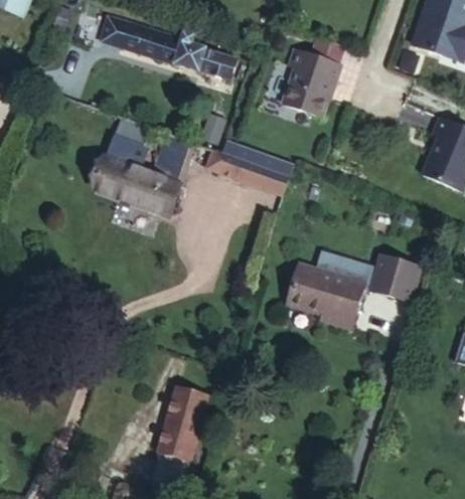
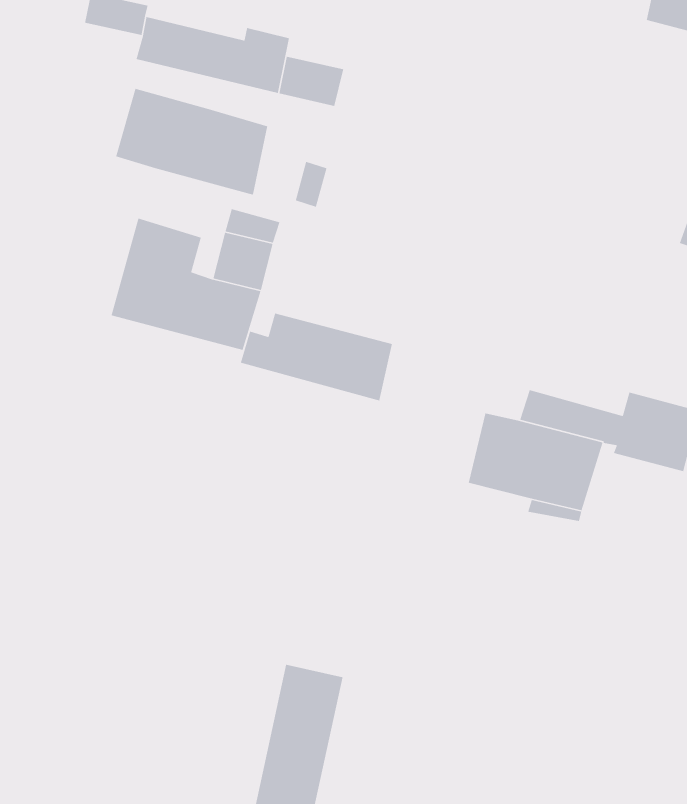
building: [283,42,344,116] -> none
building: none -> [115,88,268,196]
building: [205,140,293,195] -> [240,312,393,401]

